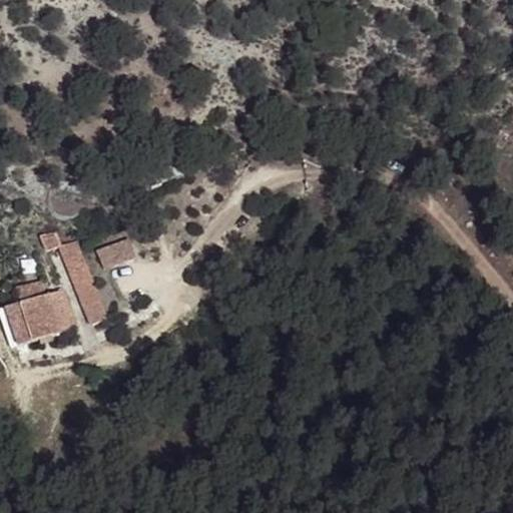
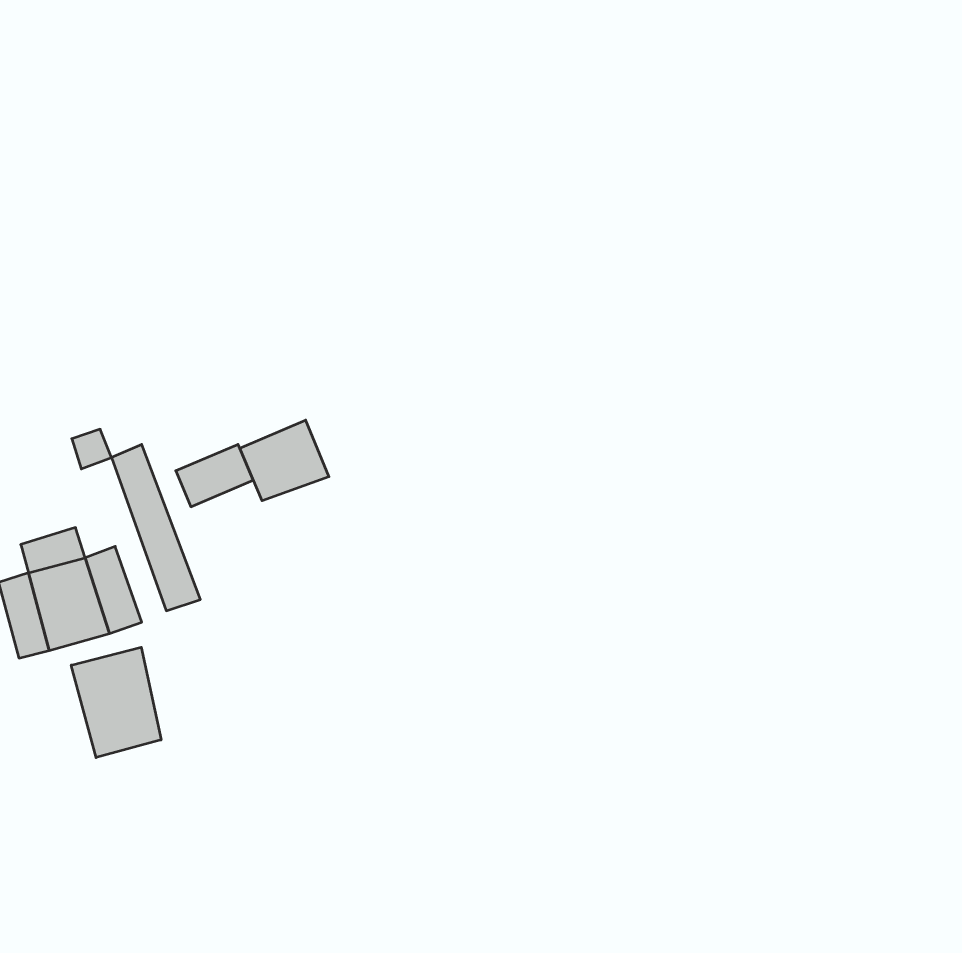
building: none -> [240,420,329,501]
building: none -> [71,647,161,758]

